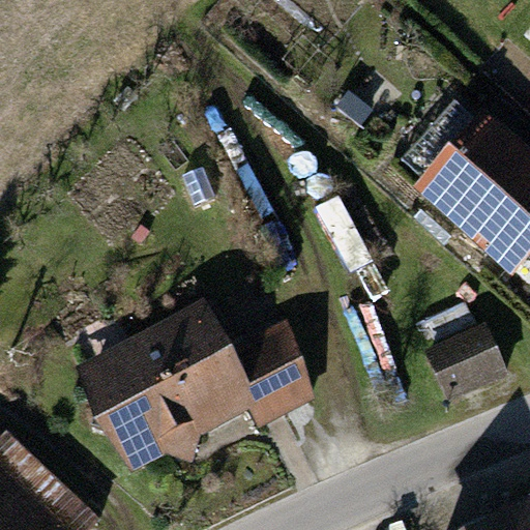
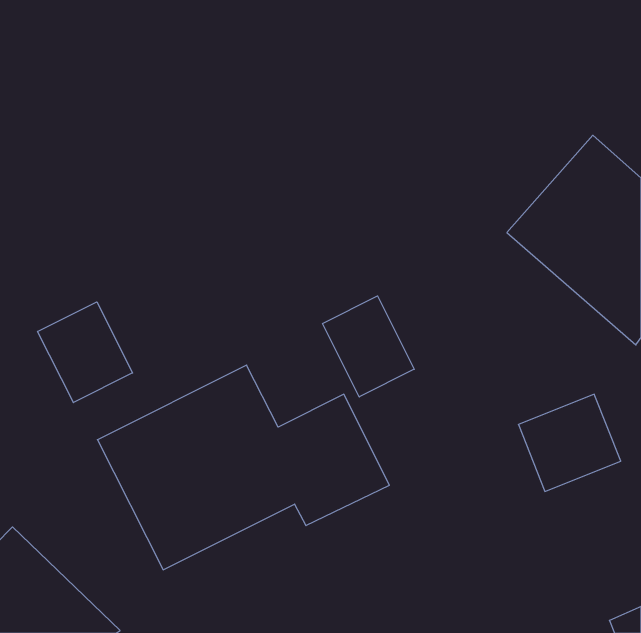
building: none -> [323,296,414,397]
building: none -> [38,302,133,403]

